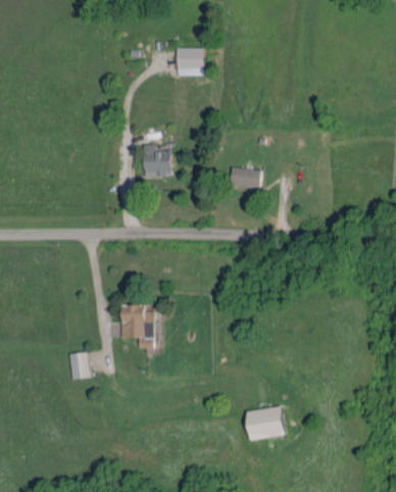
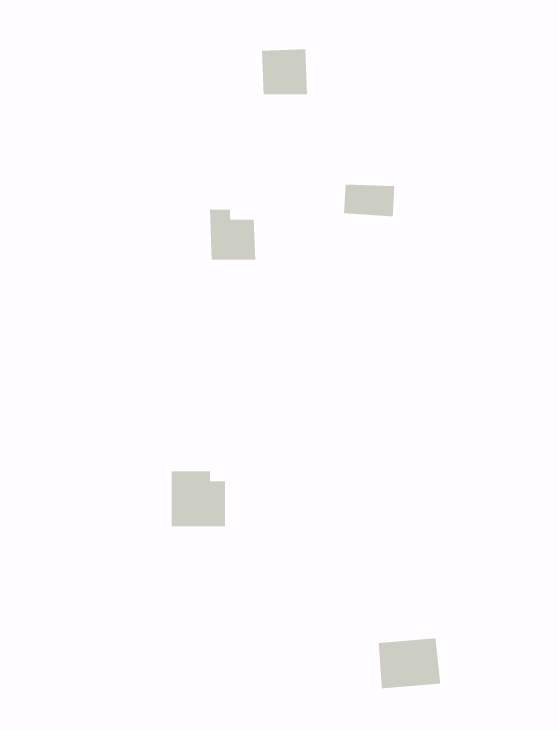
building: [230,168,261,189] -> [343,184,395,217]
building: [67,351,90,379] -> none

